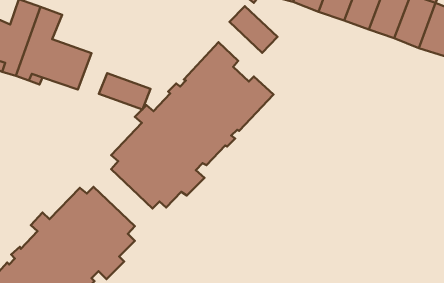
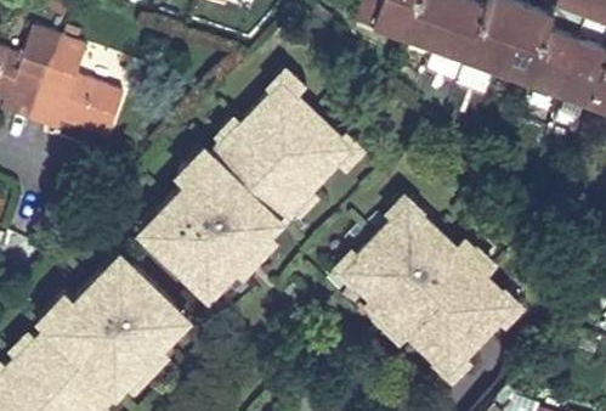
building: [230,6,277,53] -> none
building: [99,73,151,109] -> none
building: none -> [352,208,506,359]

